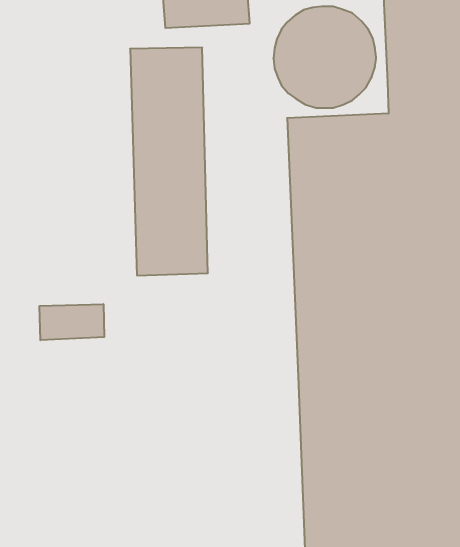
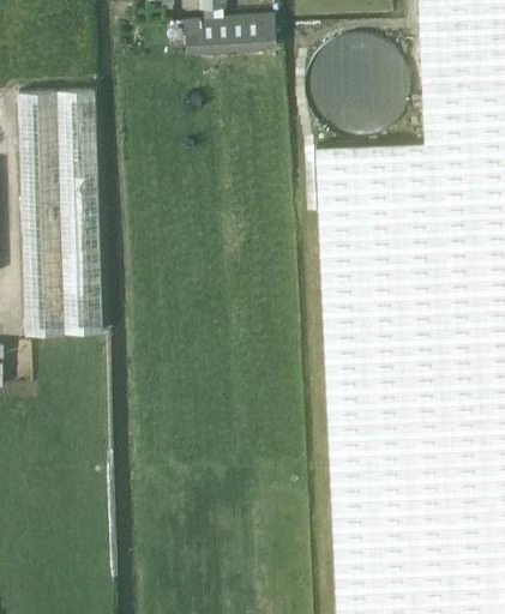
building: [130,48,208,275] -> [19,92,102,335]
building: [40,304,104,340] -> none

